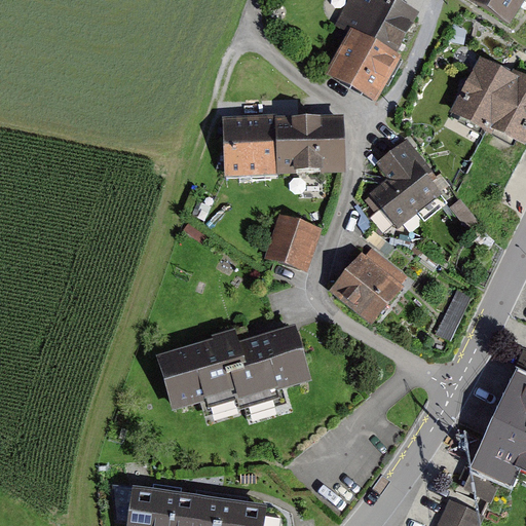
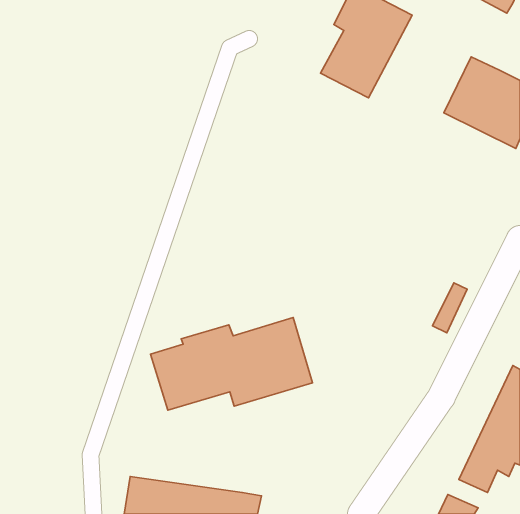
building: [223,116,343,176] -> none
building: [369,133,439,228] -> none
building: [264,214,321,272] -> none
building: [337,254,412,328] -> none

